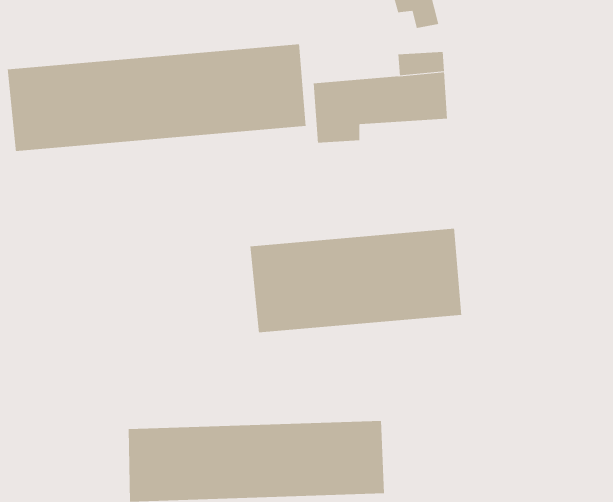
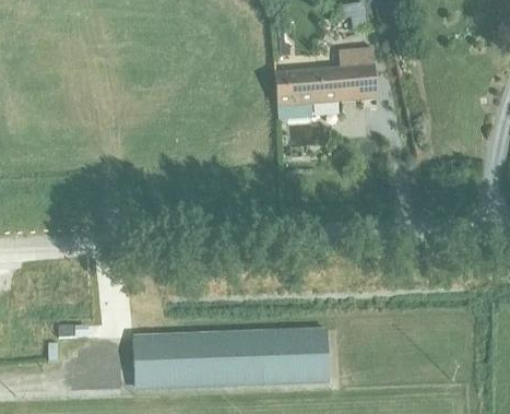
building: [7,43,306,152] -> none
building: [250,228,462,333] -> none

